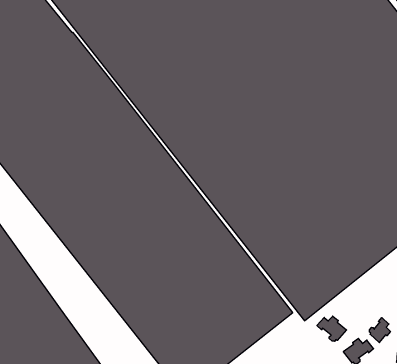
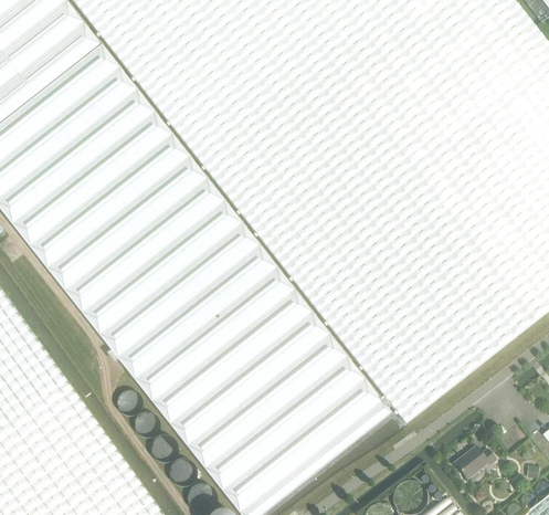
building: [317,316,347,341] -> none
building: [369,318,390,343] -> none

